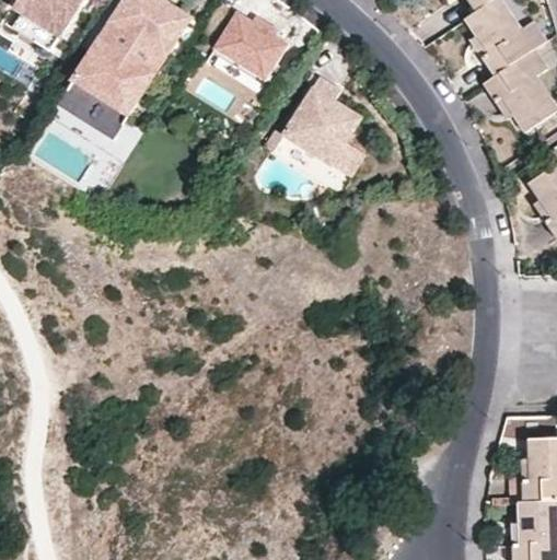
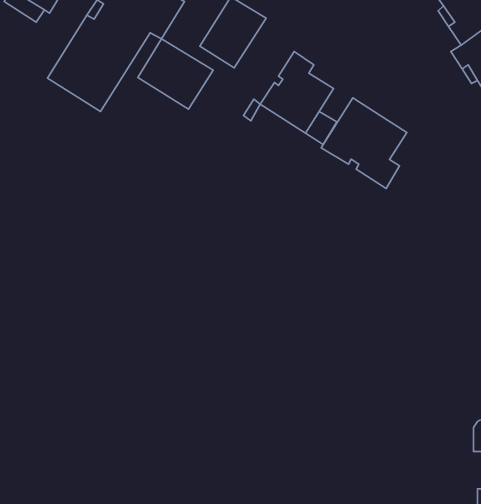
building: none -> [138,39,213,109]
building: none -> [321,98,407,188]

